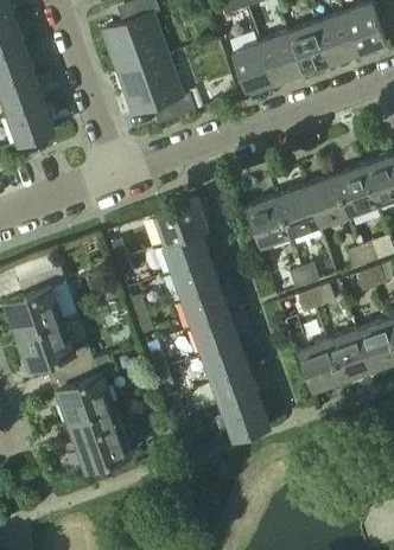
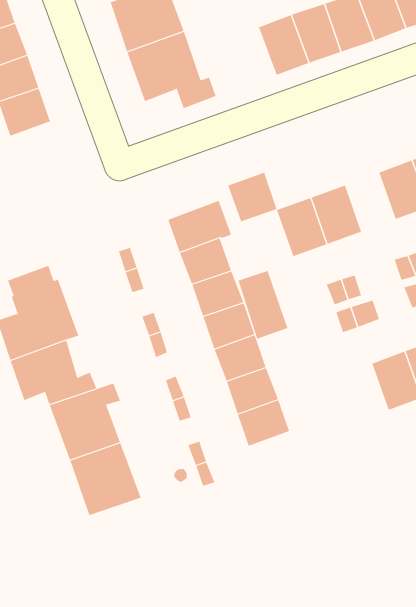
building: none -> [227,172,277,222]
building: [305,177,348,228] -> none
building: none -> [238,270,288,339]
building: [297,340,342,391] -> none
building: [222,398,268,440] -> none

